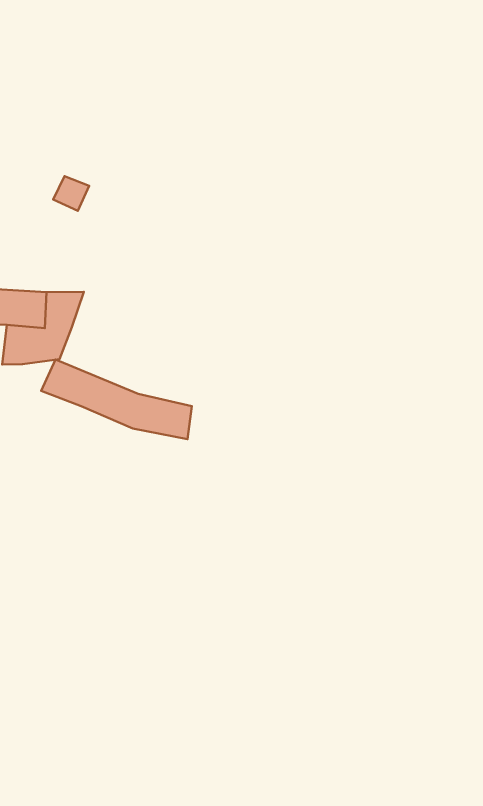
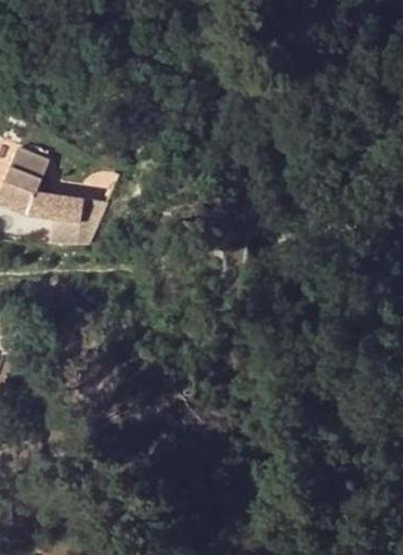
building: [41,360,192,439] -> none

